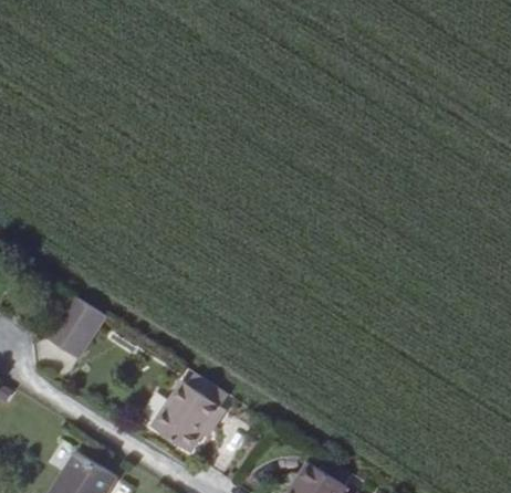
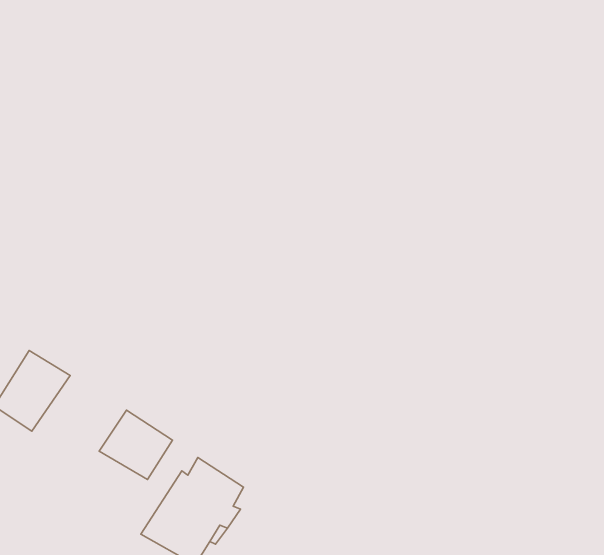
building: none -> [99,410,172,480]

